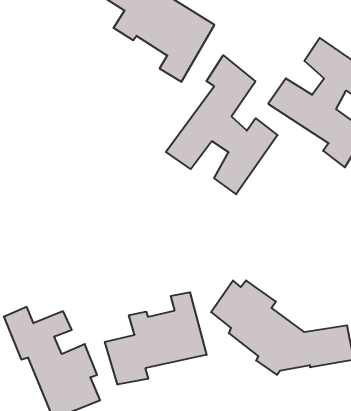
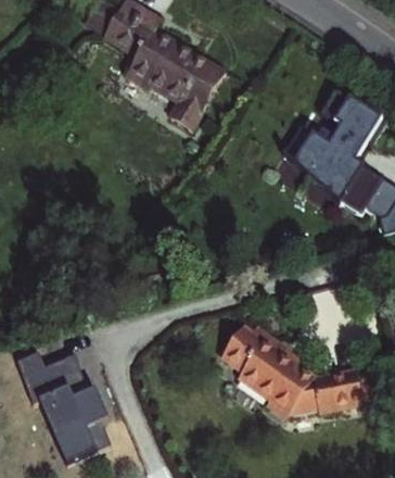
building: [166,55,278,194] -> none
building: [105,292,207,385] -> none

